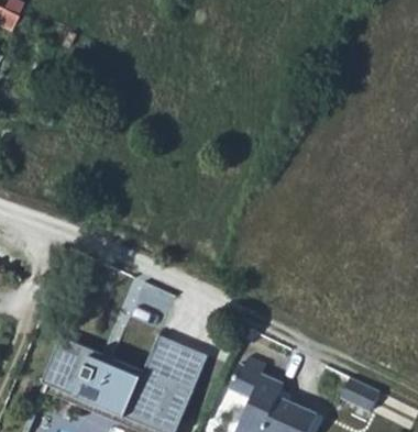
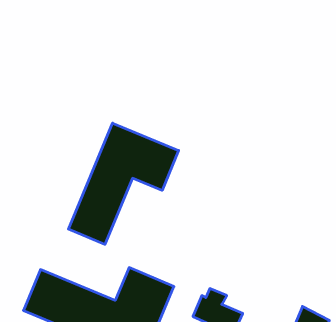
building: none -> [68,123,179,244]

